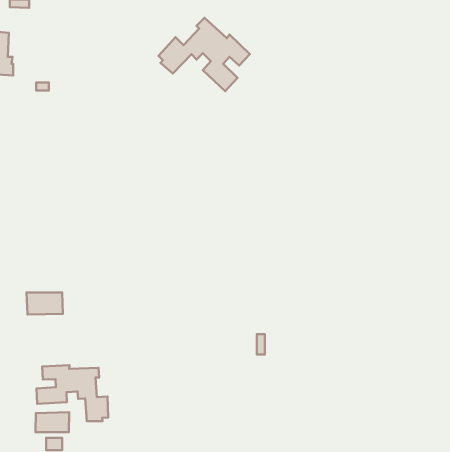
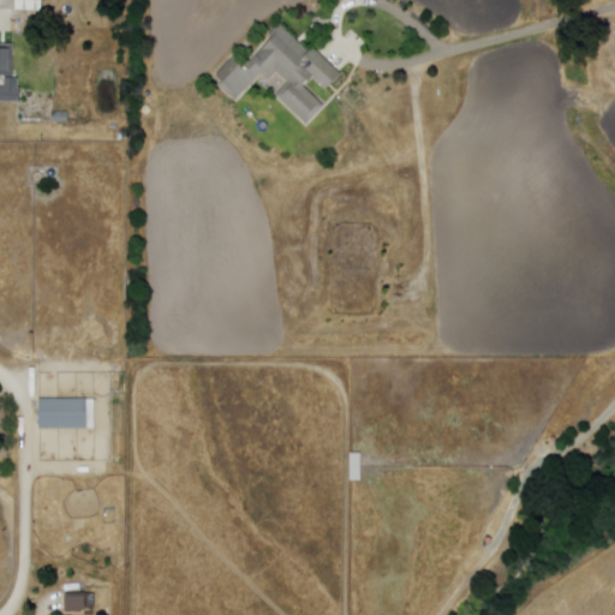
building: [36,365,108,421] -> none
building: [36,412,69,432] -> none

